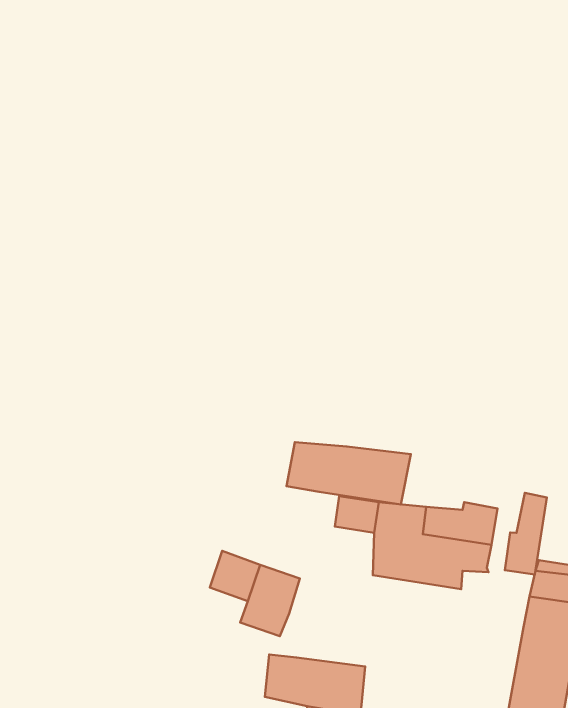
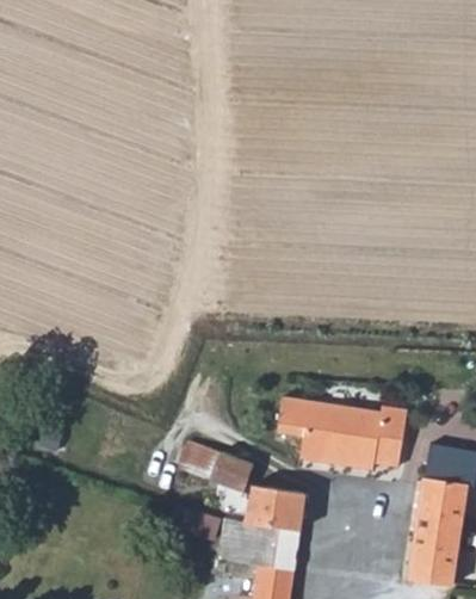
building: [287,442,411,504] -> none
building: [505,493,547,574] -> none
building: none -> [245,489,303,530]

